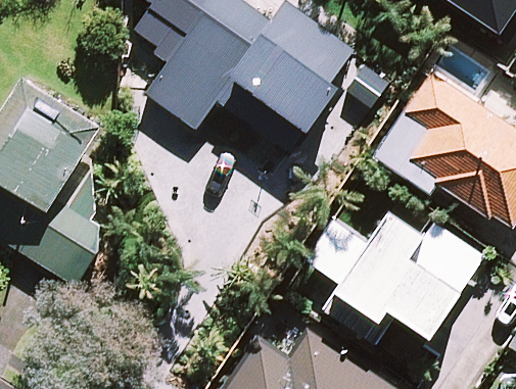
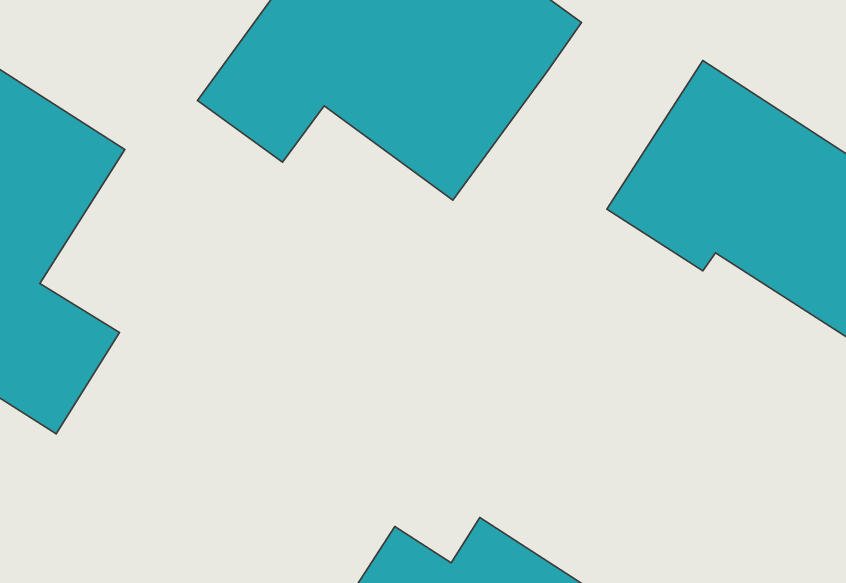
building: [324,209,460,342] -> none

